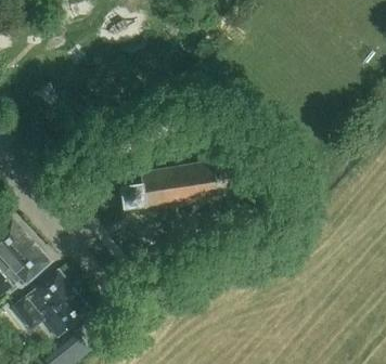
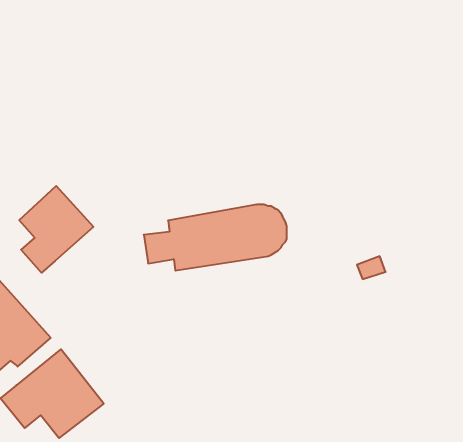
building: none -> [19,186,93,273]

